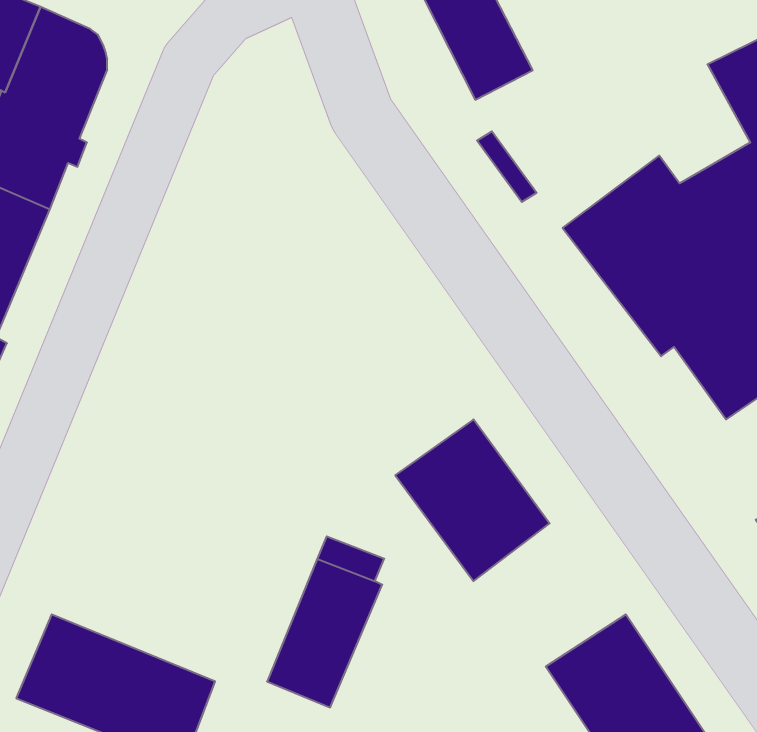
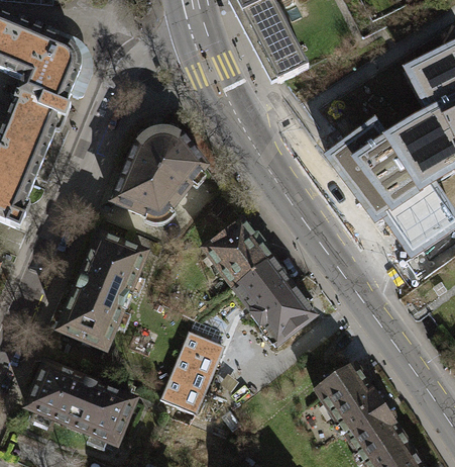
building: none -> [109,129,204,221]
building: none -> [204,214,276,287]
building: none -> [61,236,146,350]

